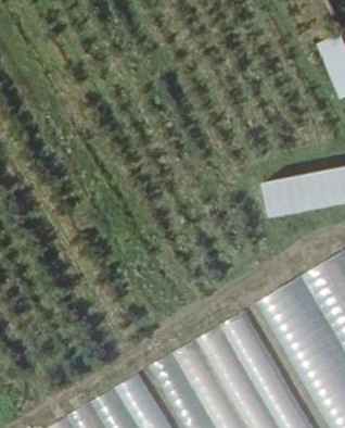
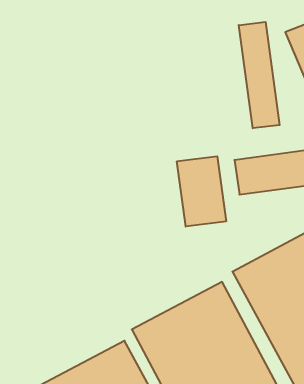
building: none -> [239,22,280,128]
building: none -> [177,156,226,227]

